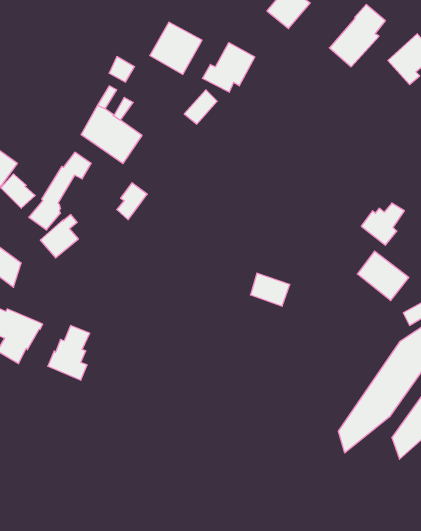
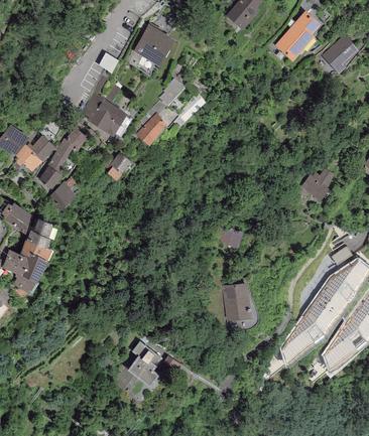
building: [202,43,255,92] -> none
building: none -> [136,114,166,145]
building: none -> [26,135,55,162]
building: [357,251,409,301] -> none
building: [48,325,90,380] -> [20,220,53,263]
building: none -> [222,284,251,321]
building: none -> [127,341,161,388]

